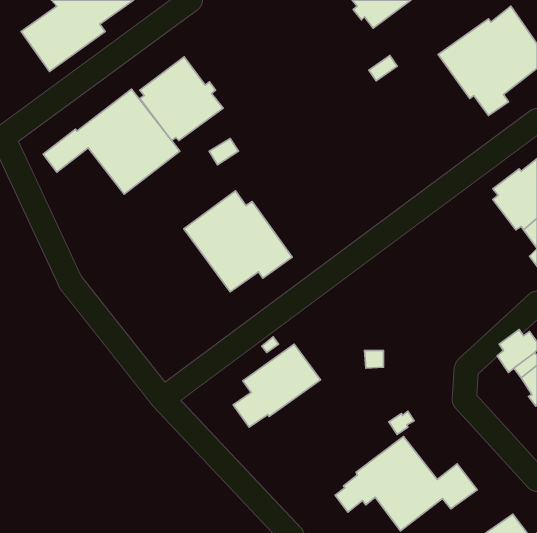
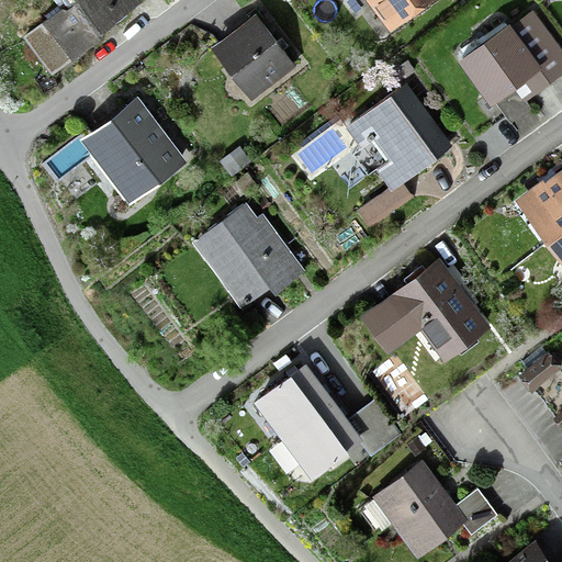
building: [140,57,223,141] -> [210,13,296,101]
building: none -> [346,83,453,229]
building: none -> [359,257,492,364]
building: none -> [269,400,402,479]

